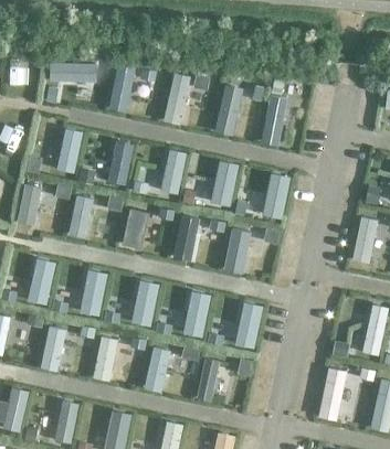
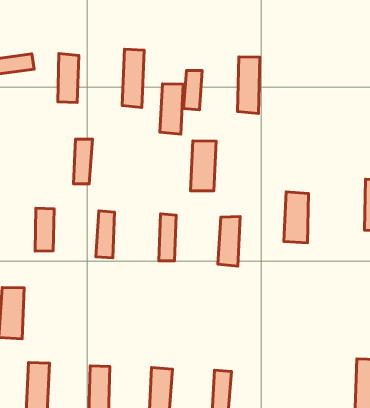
building: [56,128,83,172] -> none
building: [160,149,187,194] -> [160,84,183,134]
building: [262,172,289,218] -> [284,192,309,243]
building: [78,269,107,316] -> none
building: [130,279,159,325] -> none
building: [182,290,211,336] -> none
building: [234,301,263,348] -> none

